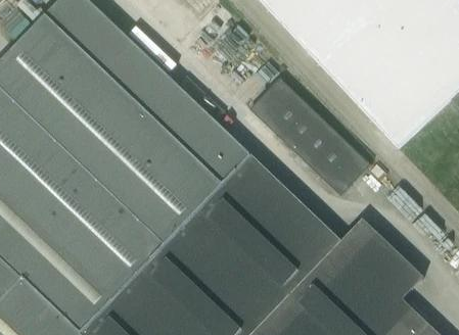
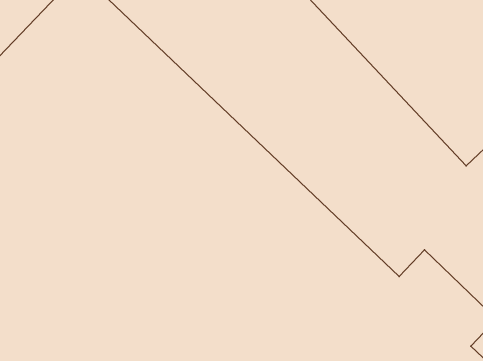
building: [249,77,370,194] -> none

